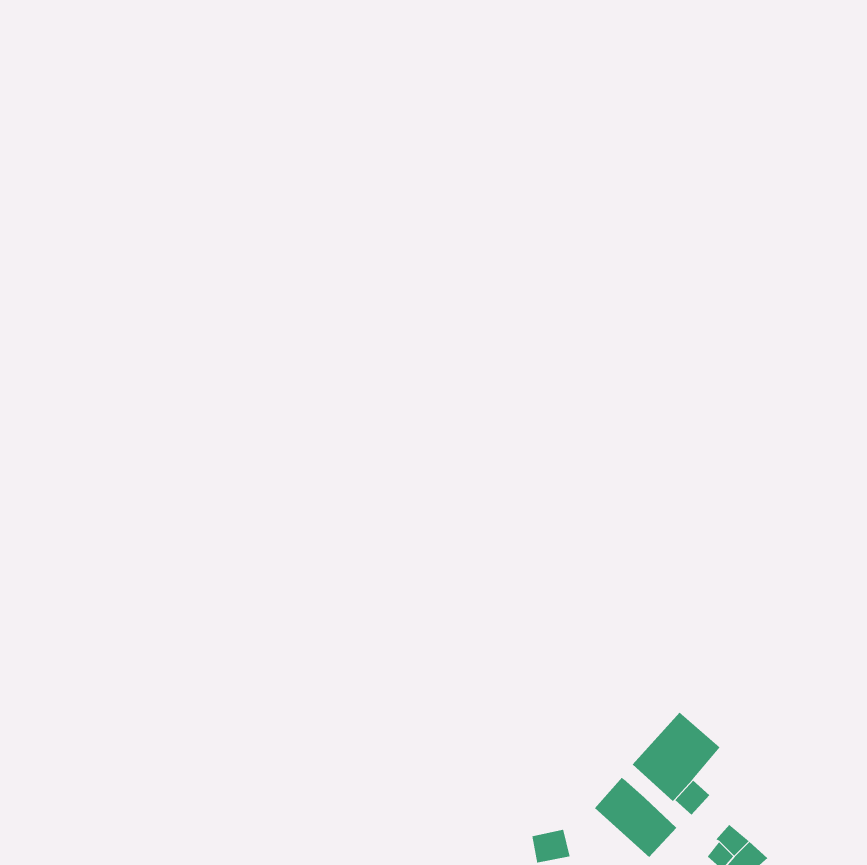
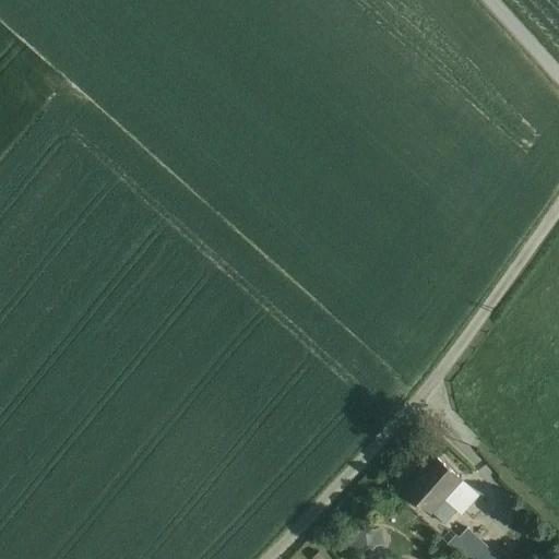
building: [594,777,677,858] -> none

